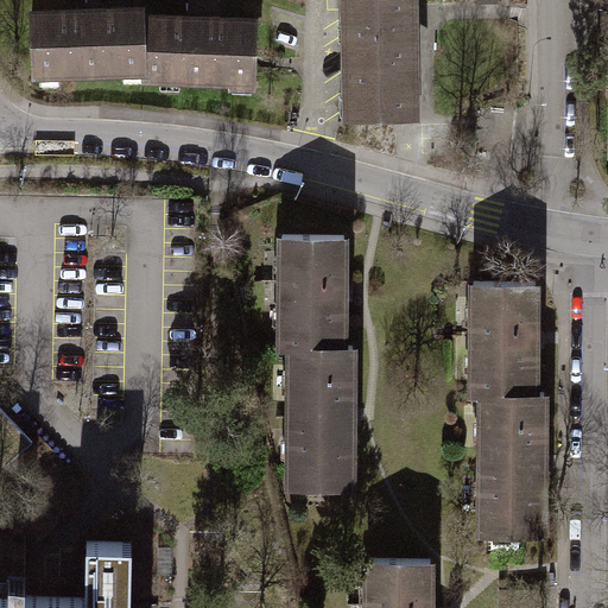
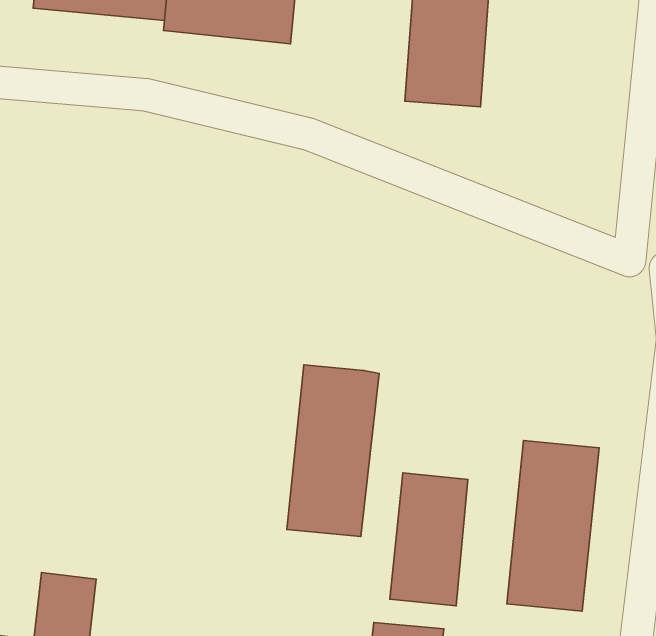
building: [280,239,341,352] -> none
building: [473,285,533,398] -> none
building: none -> [390,473,468,606]

